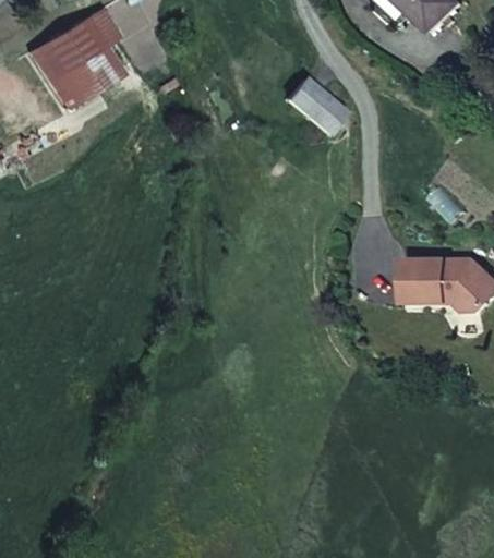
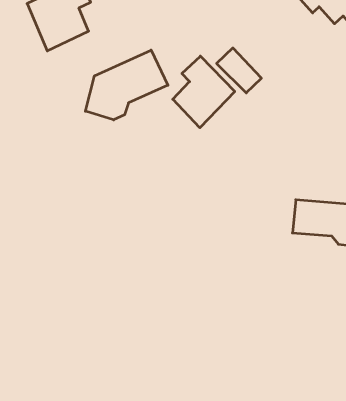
building: none -> [85,50,168,120]
building: none -> [173,56,235,128]

